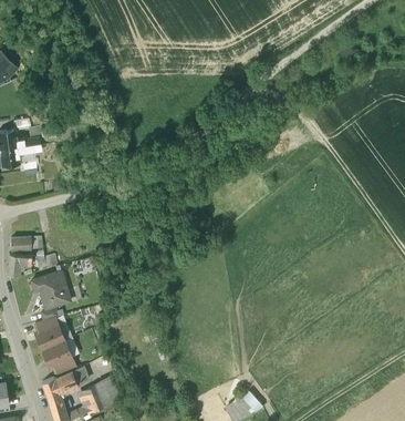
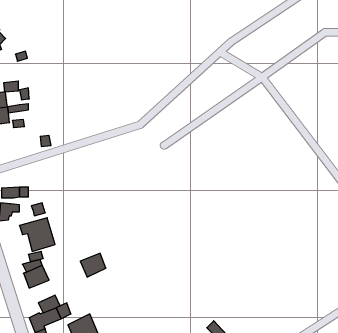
building: [42,341,71,368] -> [80,253,106,277]

